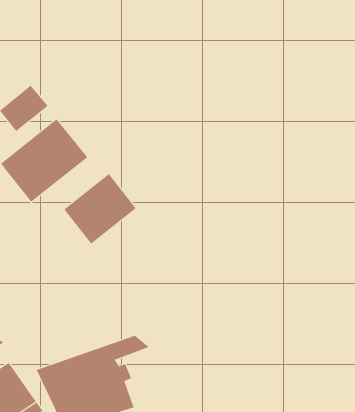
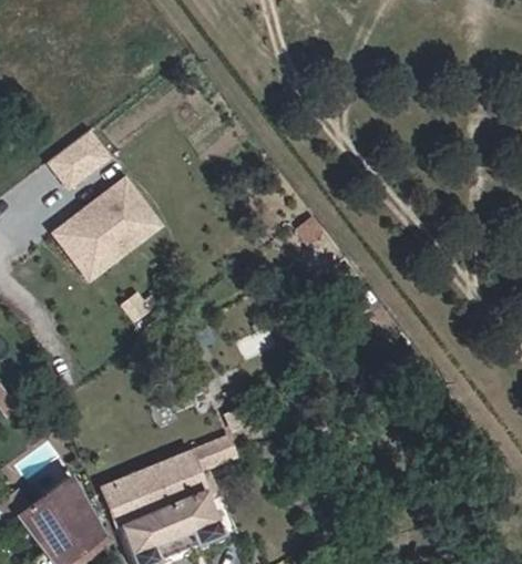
building: [63,173,137,245] -> none

